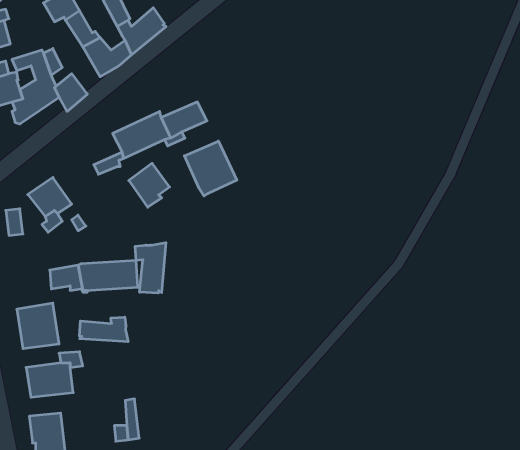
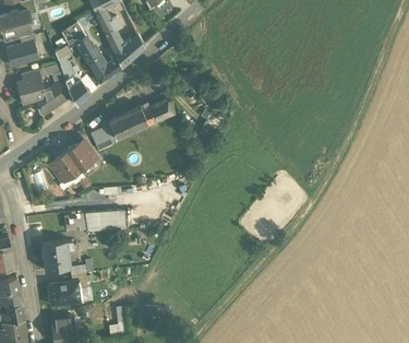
building: [184,141,237,196] -> none
building: [129,163,170,207] -> [67,140,95,170]
building: [135,243,166,293] -> none
building: [79,317,128,342] -> none

